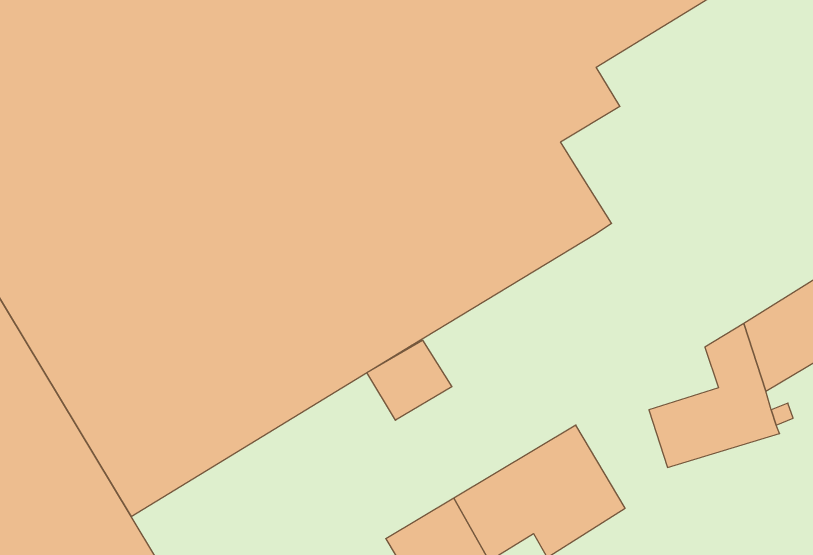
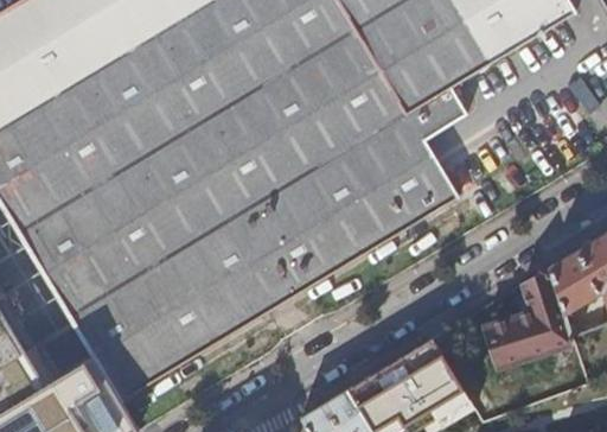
building: [367,340,452,420] -> none

